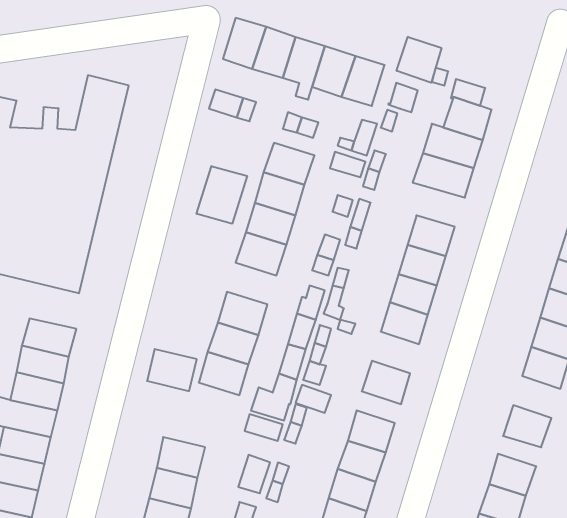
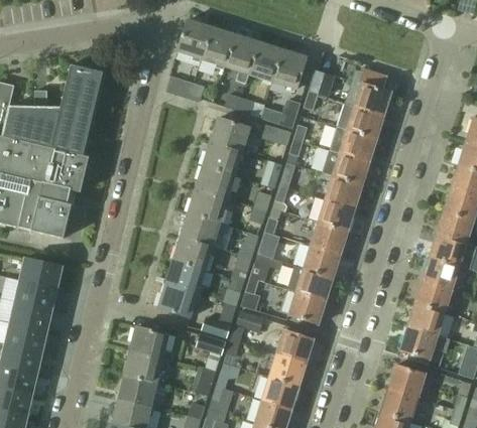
building: [397,37,441,83] -> none
building: [197,166,247,224] -> none
building: none -> [322,149,370,184]
building: none -> [182,212,221,246]
building: none -> [287,265,334,300]
building: [147,349,197,391] -> [131,325,170,359]
building: none -> [408,302,446,335]

